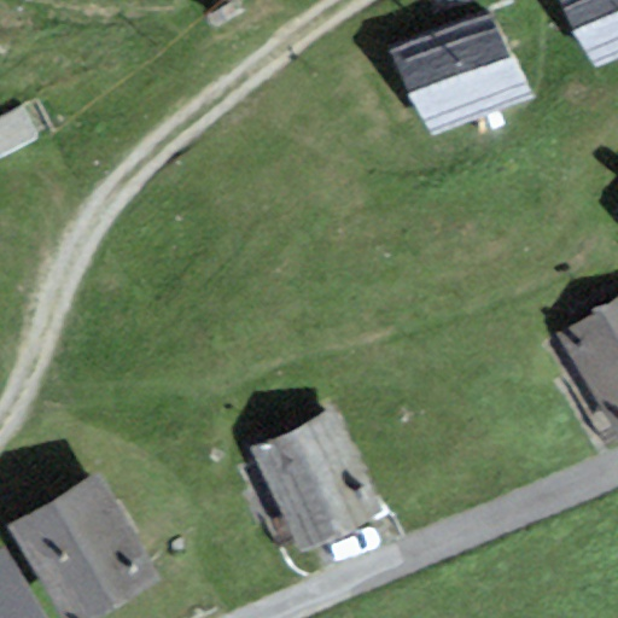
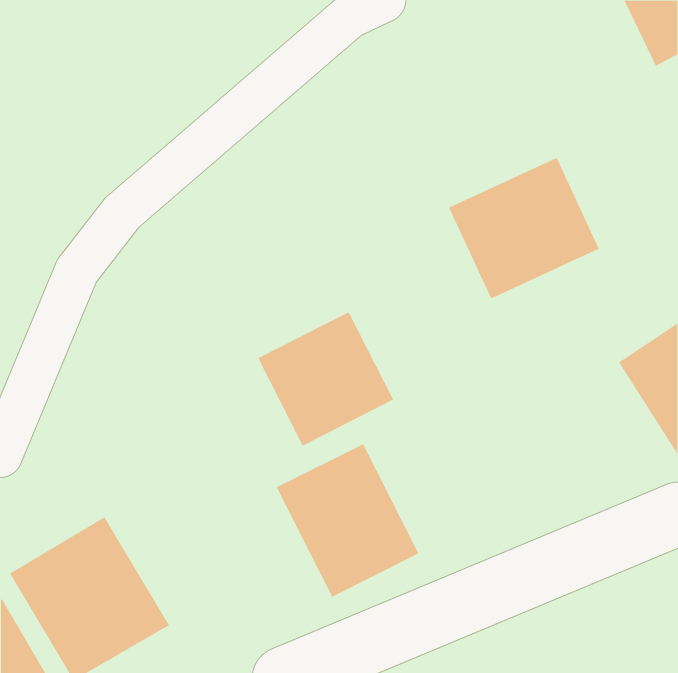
building: [392,10,530,139] -> [448,157,600,299]
building: none -> [258,311,394,447]

